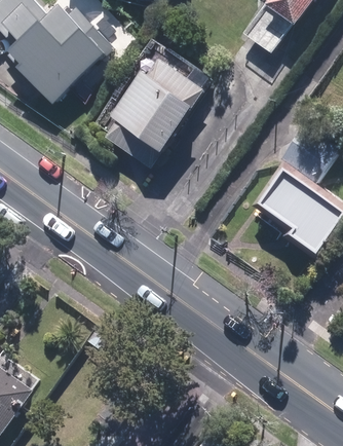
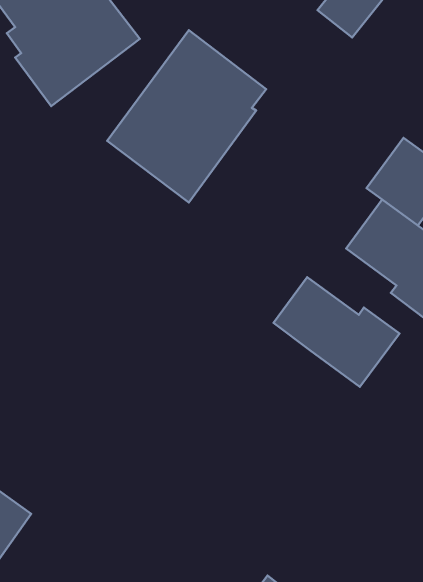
building: none -> [274,277,399,387]

